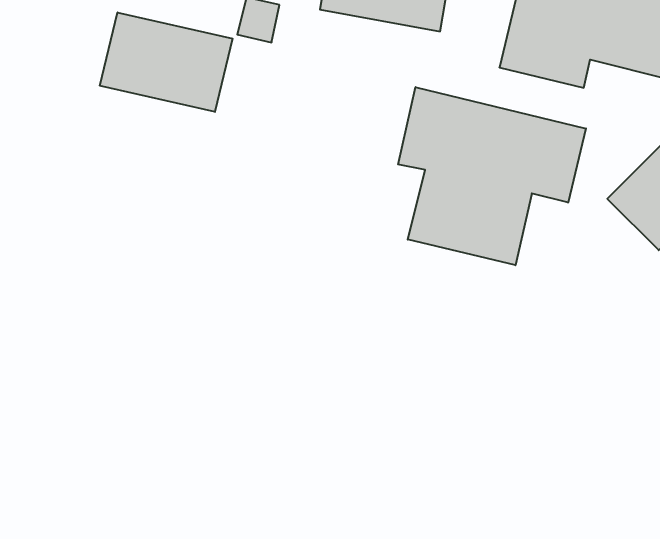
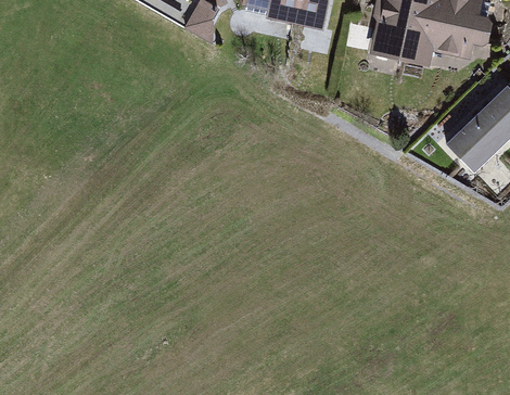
building: [100,12,233,112] -> none
building: [398,87,586,265] -> none

